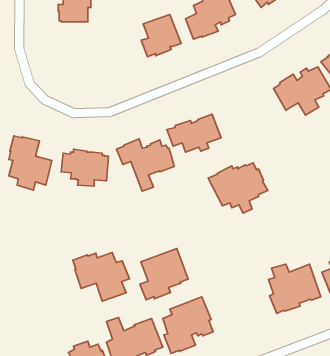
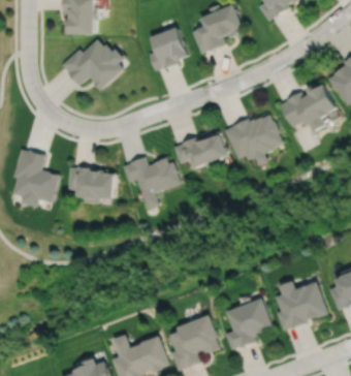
building: none -> [61,40,122,92]
building: [208,163,268,213] -> [223,113,283,163]
building: [140,248,188,300] -> [224,296,273,348]
building: [73,252,130,301] -> none

